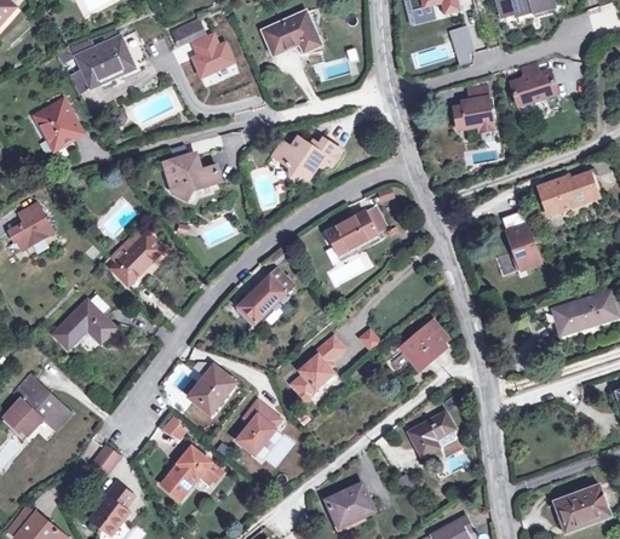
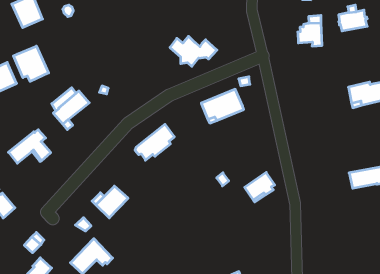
building: [165,157,220,199] -> none
building: none -> [13,46,49,81]
building: [495,211,540,276] -> none
building: [291,336,343,400] -> none
building: [236,400,280,454] -> none
building: [408,412,455,455] -> none

